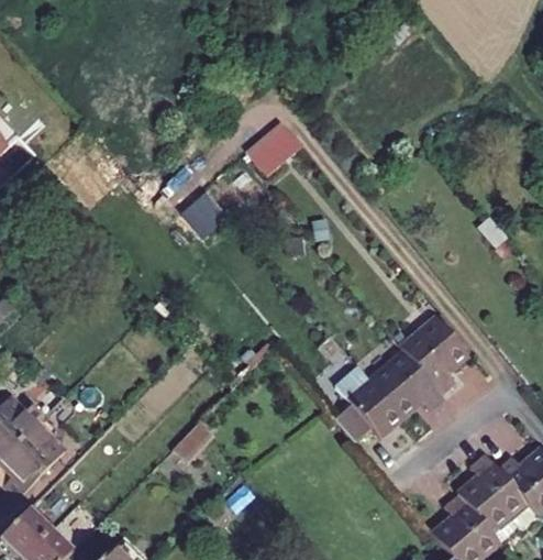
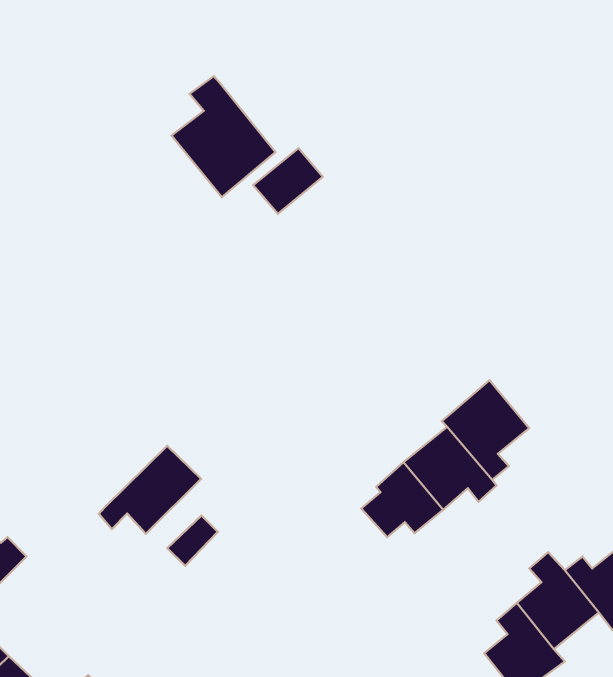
building: none -> [171,76,275,197]
building: [181,195,230,242] -> none
building: none -> [99,446,201,534]

